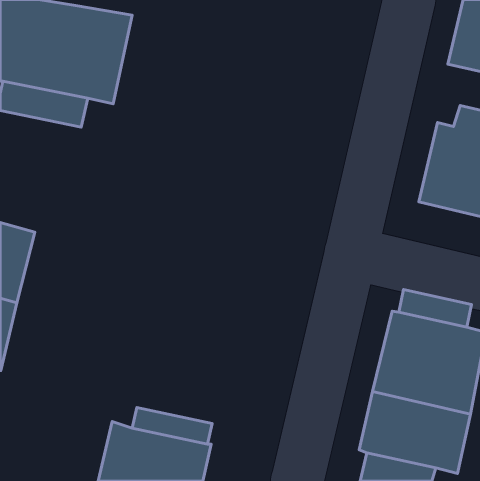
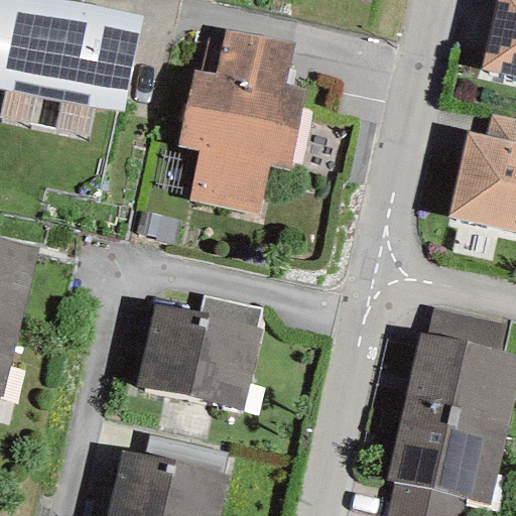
building: none -> [178,29,305,214]
building: none -> [136,296,262,409]

